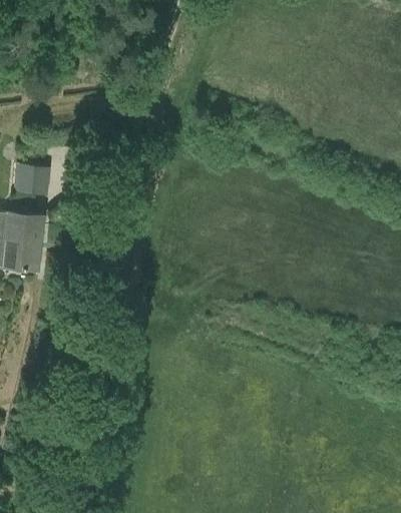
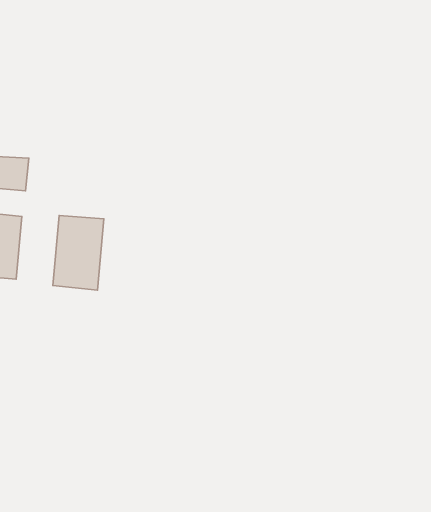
building: none -> [53,215,104,290]

